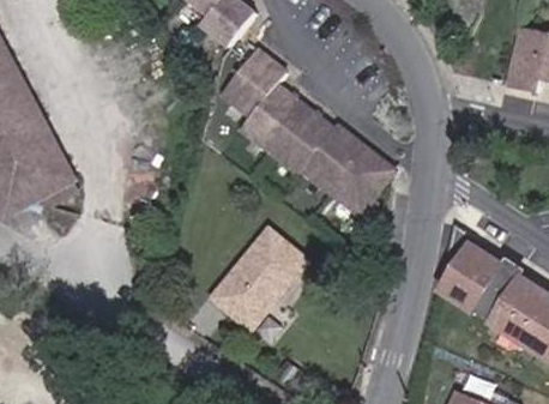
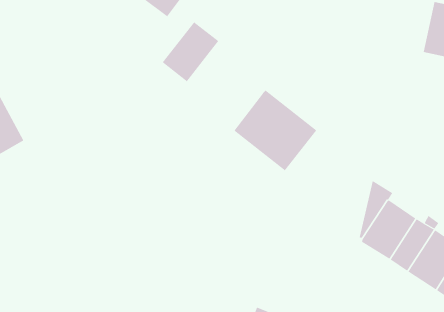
building: [243,84,334,173] -> none
building: [212,228,308,328] -> none

